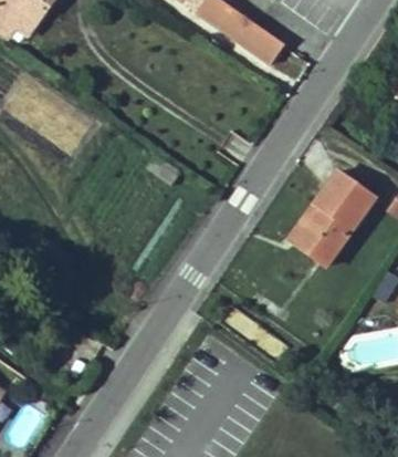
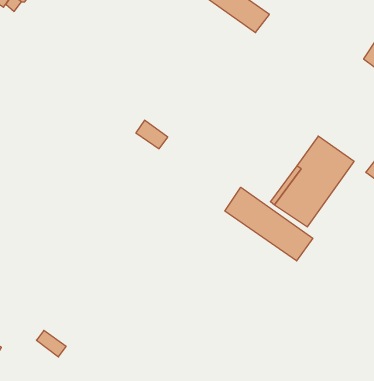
building: none -> [225,187,313,261]

